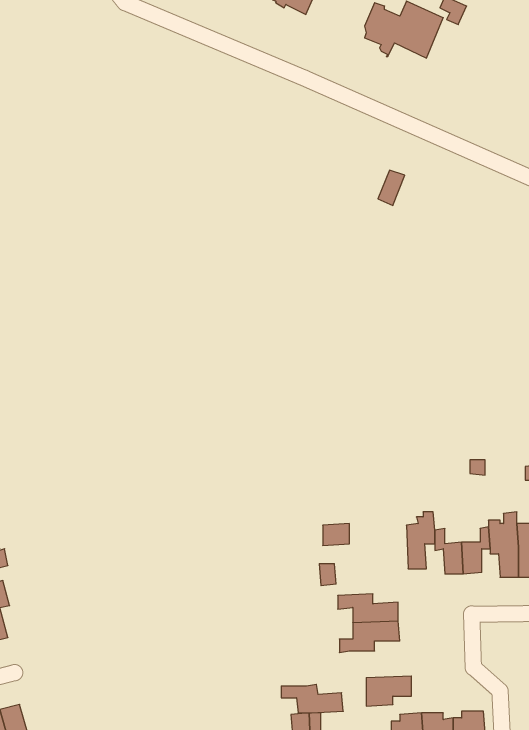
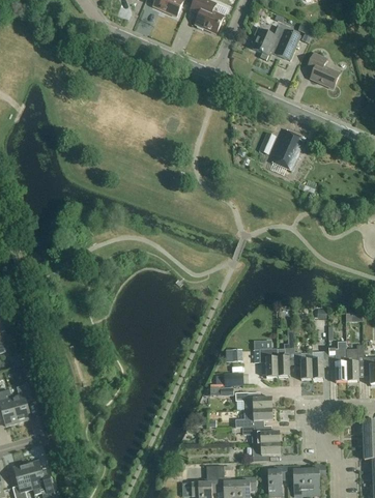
building: none -> [307,52,339,88]
building: none -> [270,129,304,171]
building: none -> [257,341,278,377]
building: [281,684,343,713] -> [241,426,280,443]

